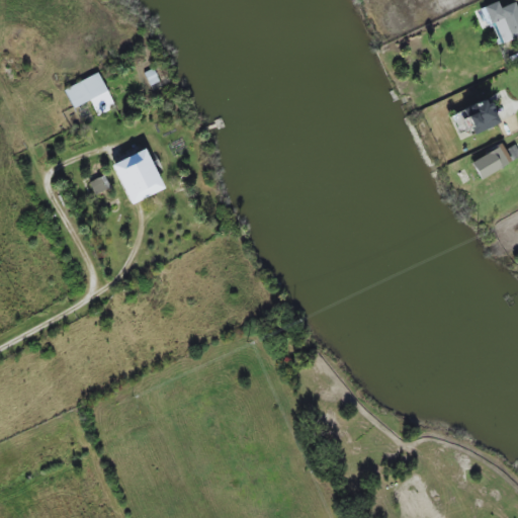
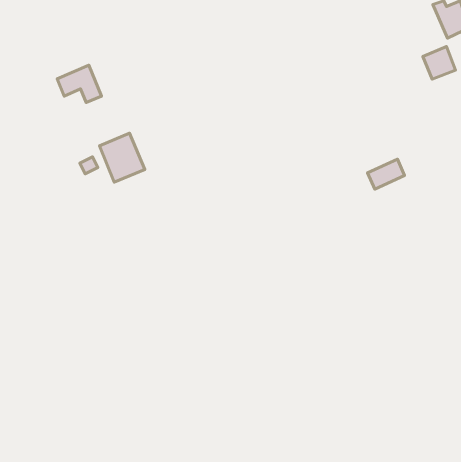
building: [463,97,500,134] -> [423,47,456,79]
building: [471,145,513,178] -> [367,159,405,189]

